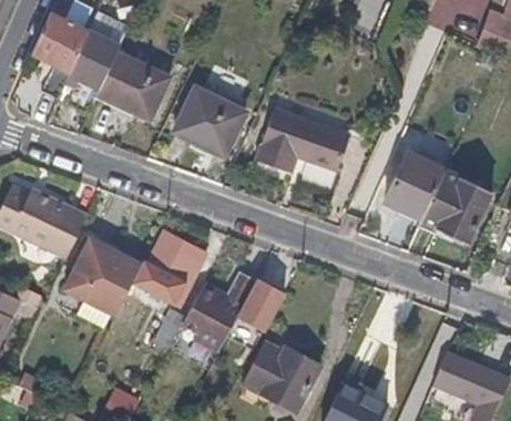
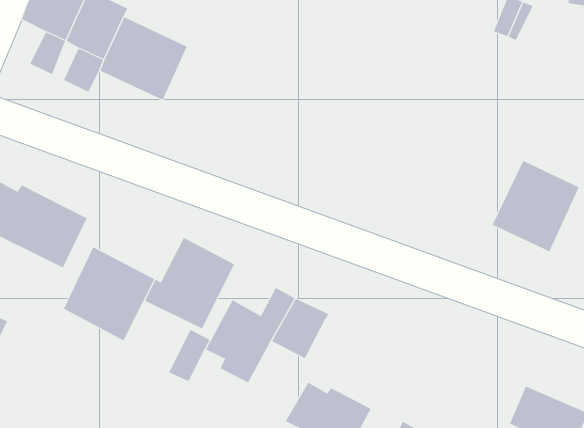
building: [173,90,243,156] -> none
building: [256,106,350,171] -> none
building: [385,153,443,219] -> none

